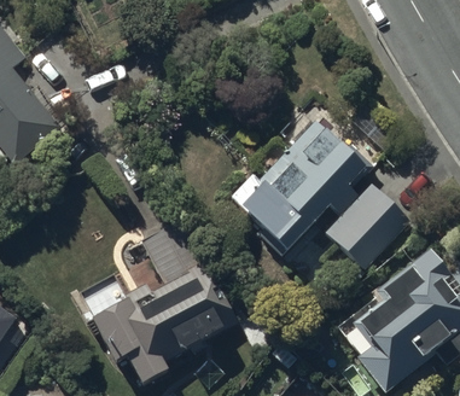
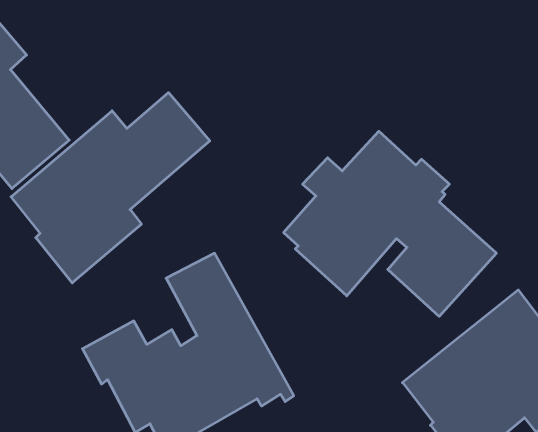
building: none -> [11,93,210,283]

